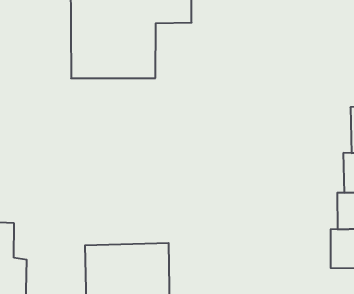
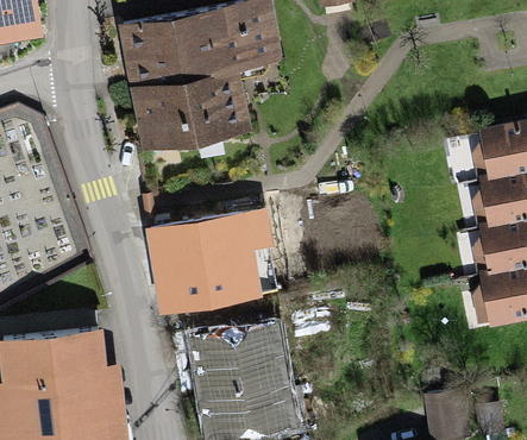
building: none -> [146,209,274,315]

